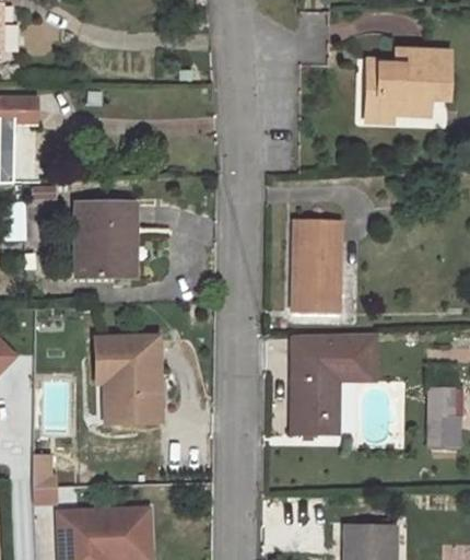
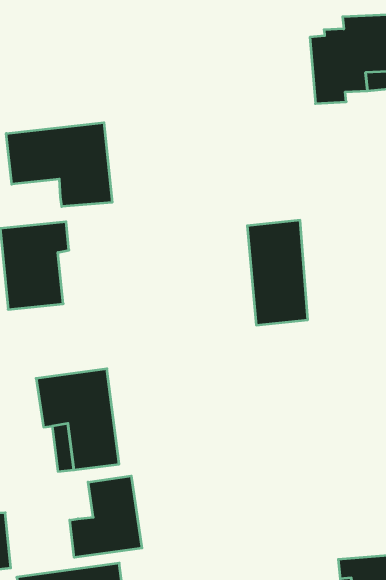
building: none -> [6,123,112,207]
building: [291,331,374,433] -> none
building: none -> [70,476,142,557]

